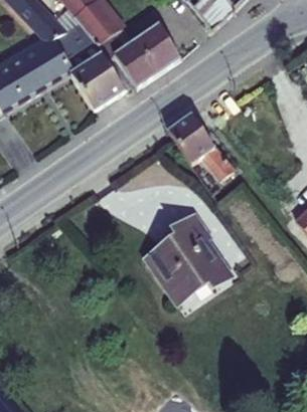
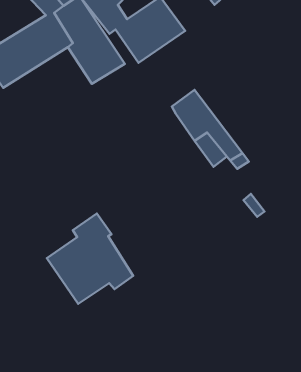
building: [146,211,229,298] -> [47,213,133,304]

